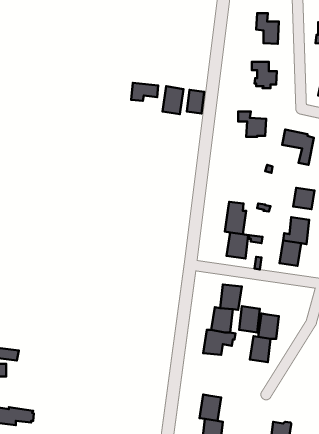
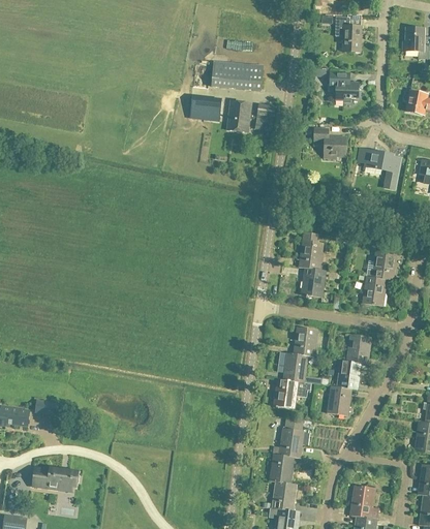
building: none -> [211,60,263,90]
building: [293,188,314,209] -> none
building: [239,306,260,332] -> [346,334,370,364]
building: none -> [273,418,304,457]

